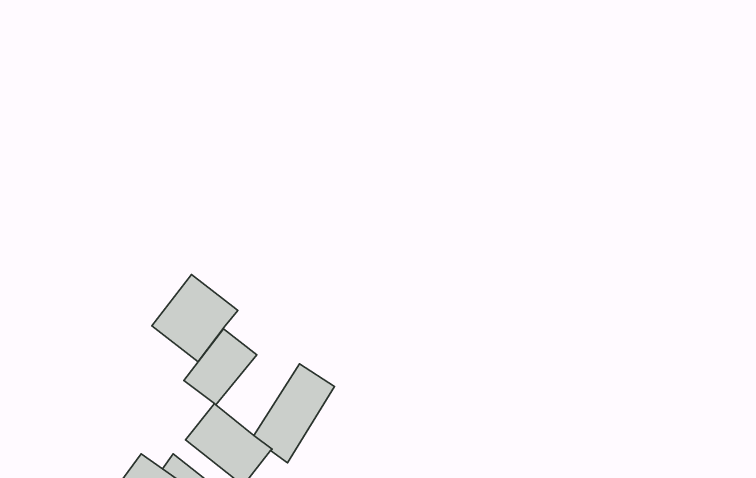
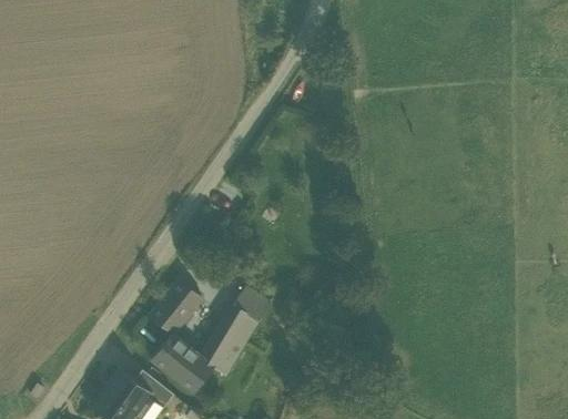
building: [152,274,238,362] -> none
building: none -> [233,287,270,321]

